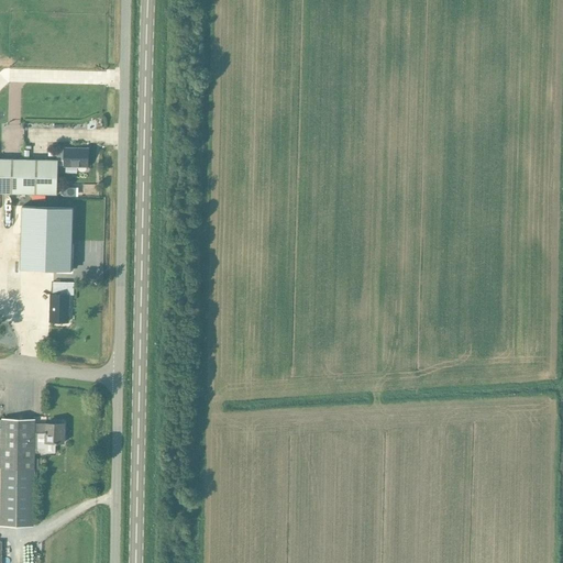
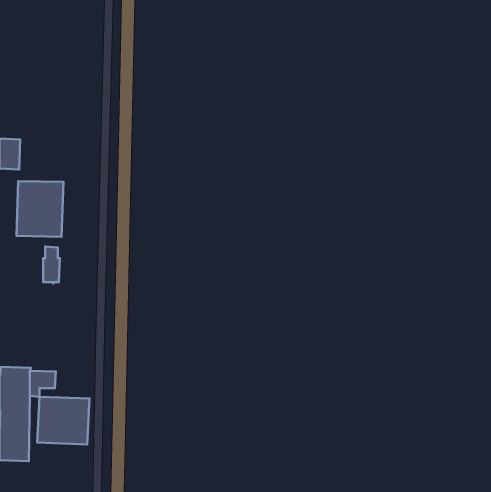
building: [22,148,87,195] -> none
building: none -> [37,397,90,444]

